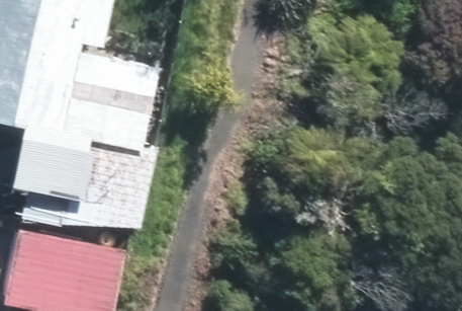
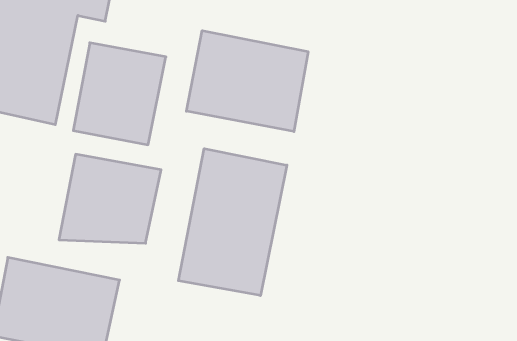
building: none -> [186,31,308,132]
building: none -> [178,149,287,296]

